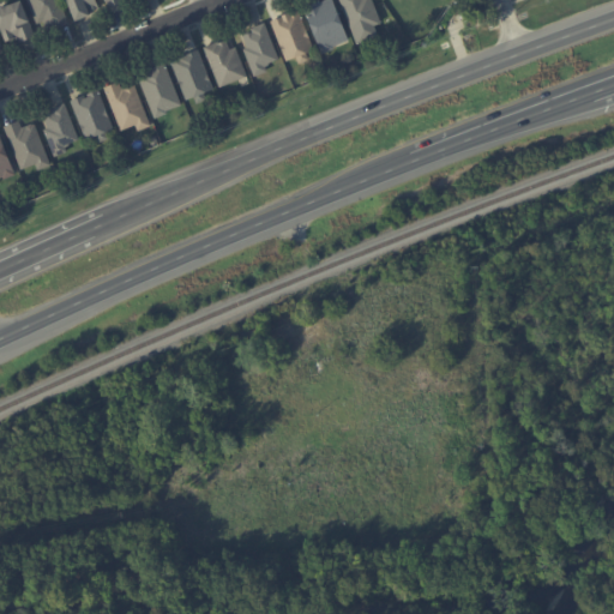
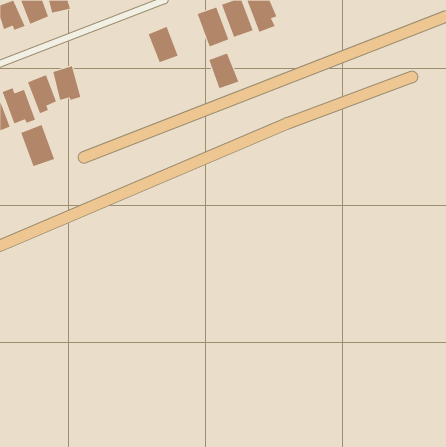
building: [237,23,279,72] -> [208,53,239,89]
building: [170,50,212,103] -> none
building: [137,64,180,116] -> none
building: [102,80,150,131] -> none
building: none -> [21,124,55,167]

